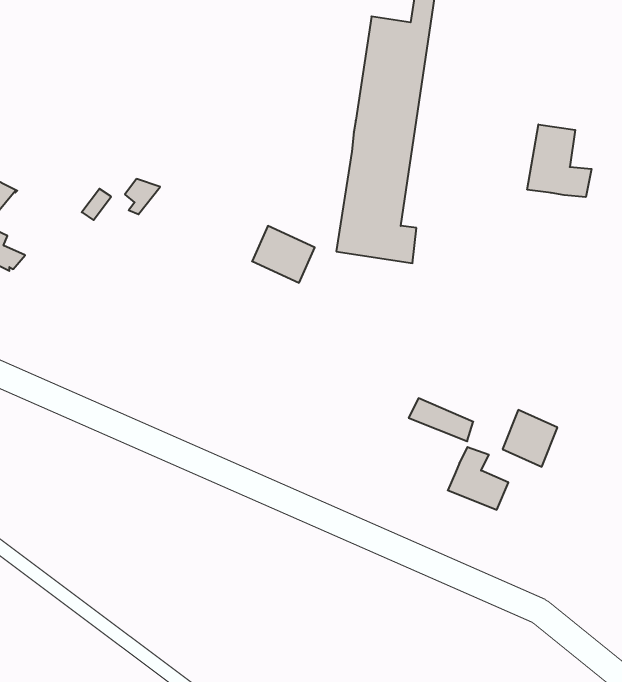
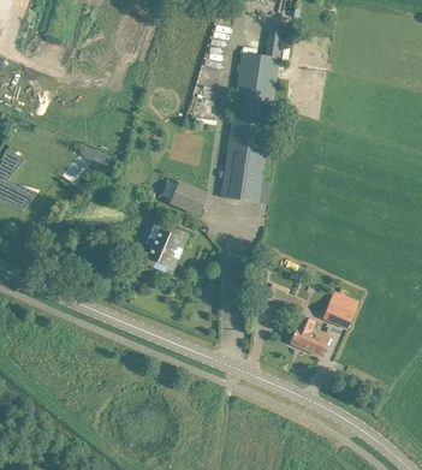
building: [527,124,592,197] -> none
building: none -> [149,227,180,269]

